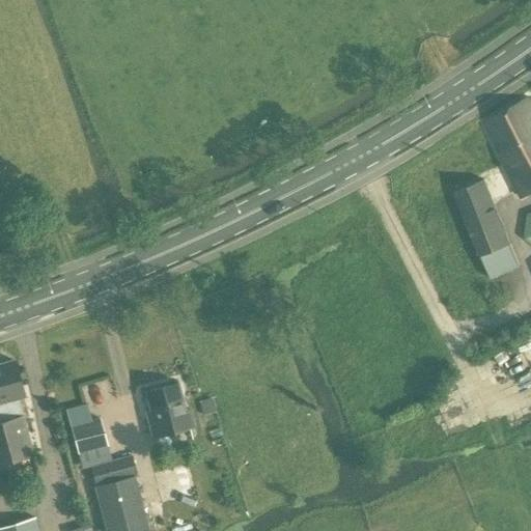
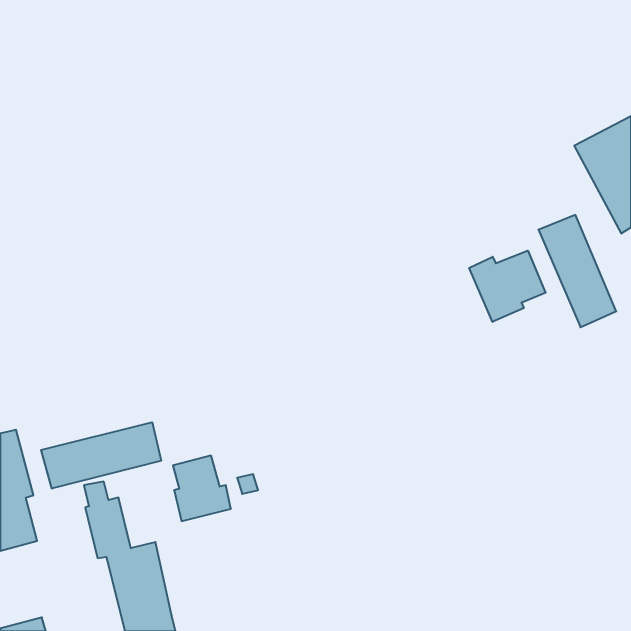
building: none -> [469,251,546,322]
building: none -> [41,422,161,489]

